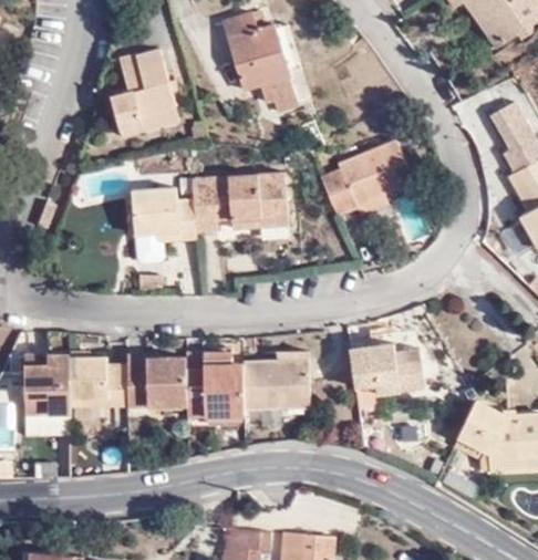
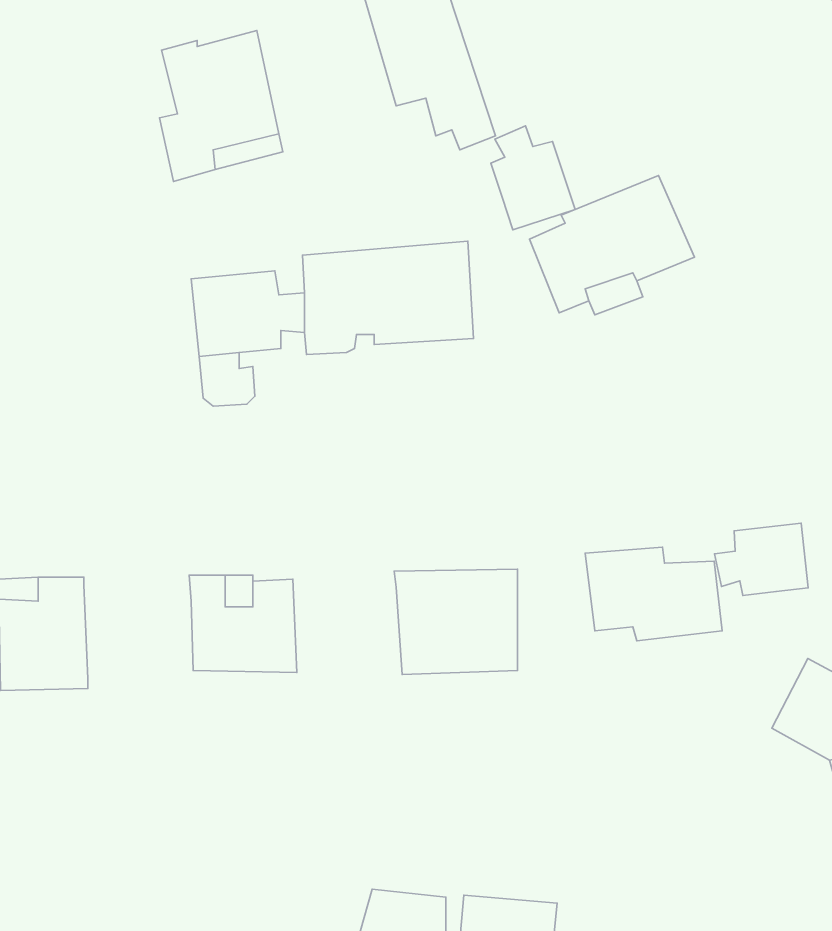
building: none -> [491,126,575,230]
building: none -> [715,523,808,595]
building: [186,350,247,415] -> none
building: [70,361,131,413] -> none

